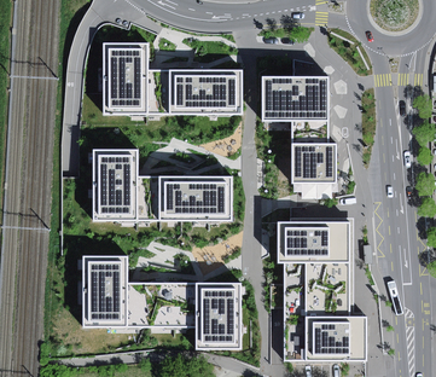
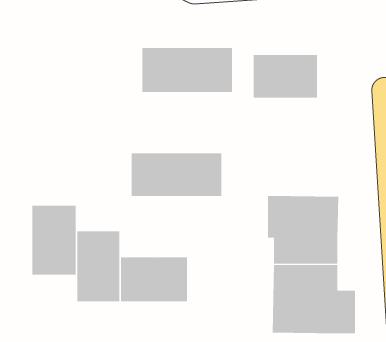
building: [103,42,149,115] -> none
building: [291,121,337,184] -> none
building: [92,150,138,221] -> [32,205,76,275]
building: [196,283,242,349] -> none

